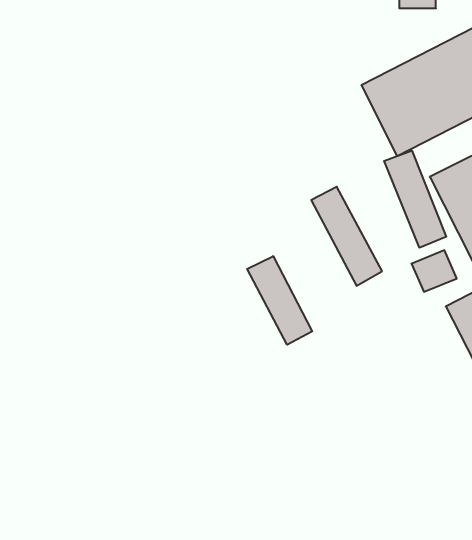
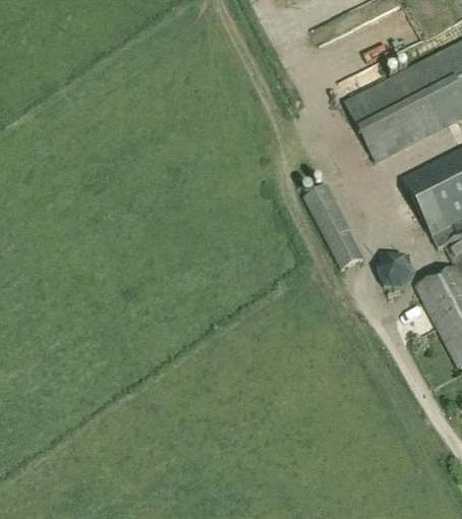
building: [384,151,446,248] -> none
building: [247,256,312,345] -> none

